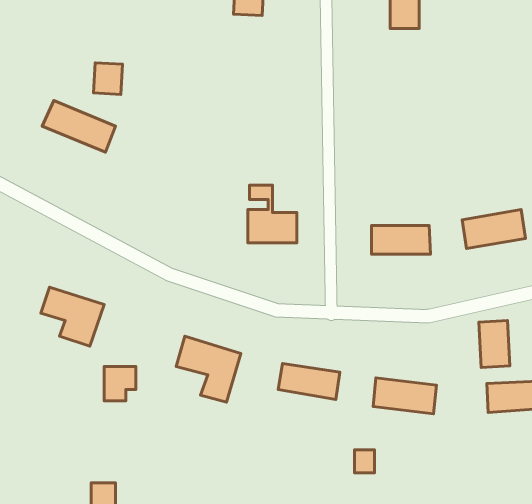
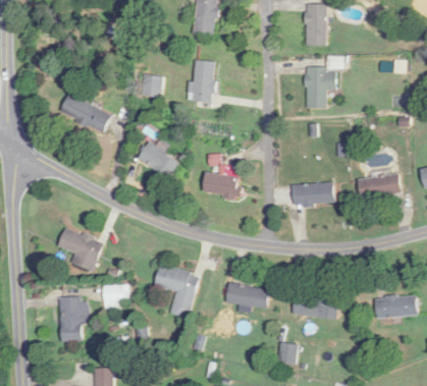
building: none -> [192,60,213,103]
building: none -> [305,67,334,109]
building: [94,63,122,94] -> [140,75,160,98]
building: none -> [138,142,178,180]
building: [479,320,510,368] -> none
building: none -> [59,296,82,340]

